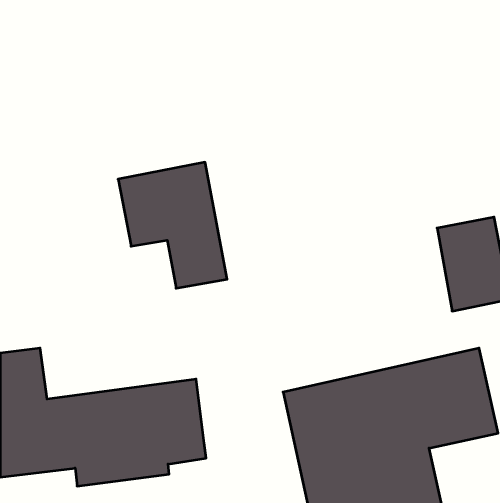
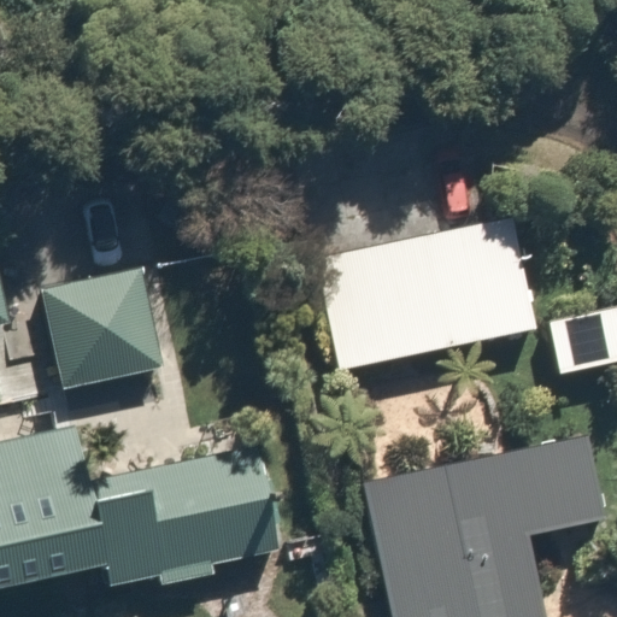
building: [118,162,227,288] -> [41,272,172,424]
building: none -> [310,216,536,363]

